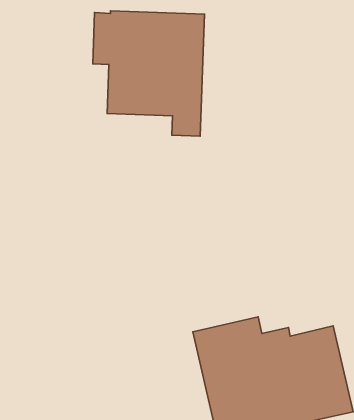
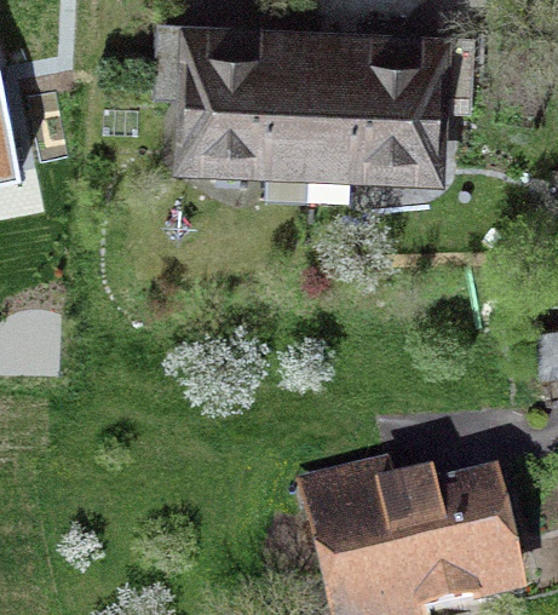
building: none -> [306,29,478,206]

